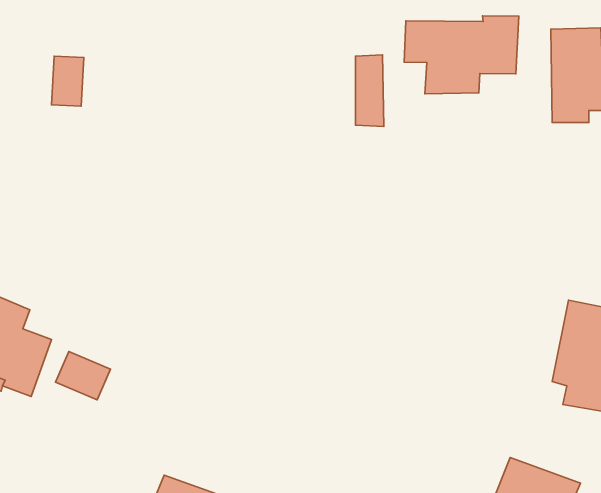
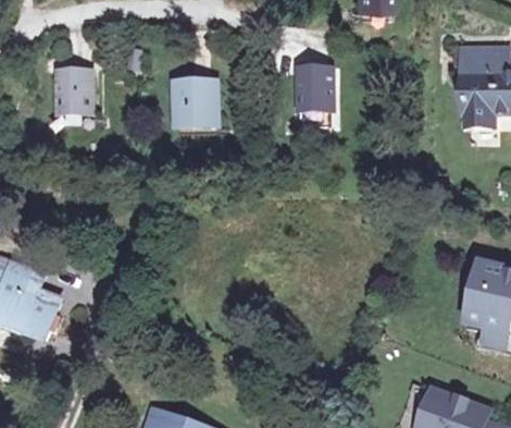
building: [404,16,519,94] -> none
building: none -> [184,84,214,125]
building: [56,352,110,400] -> none

